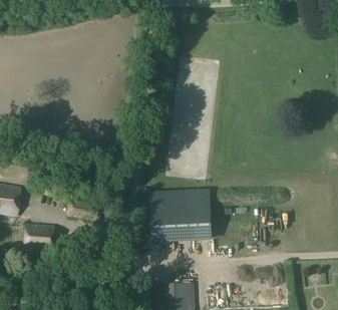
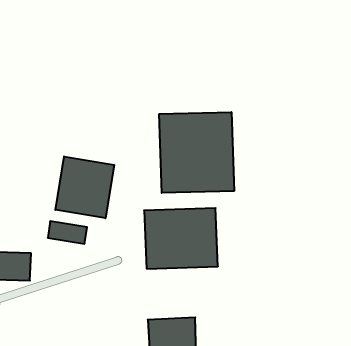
building: none -> [159,112,234,193]
building: none -> [55,156,114,218]

